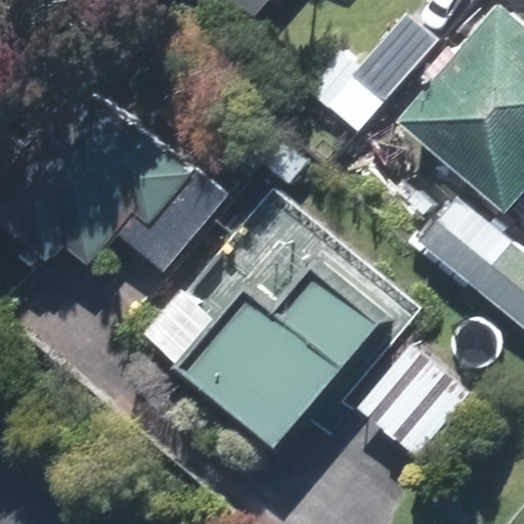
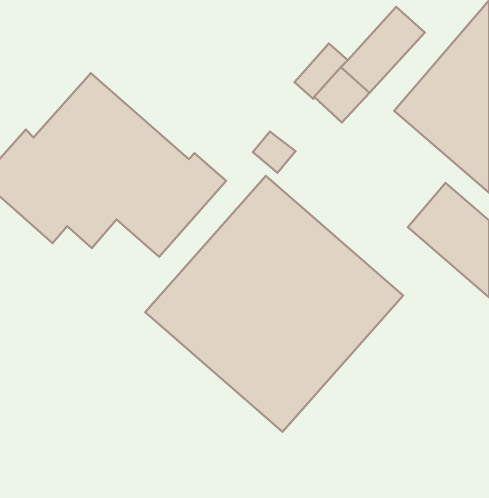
building: [360,344,473,456] -> none

